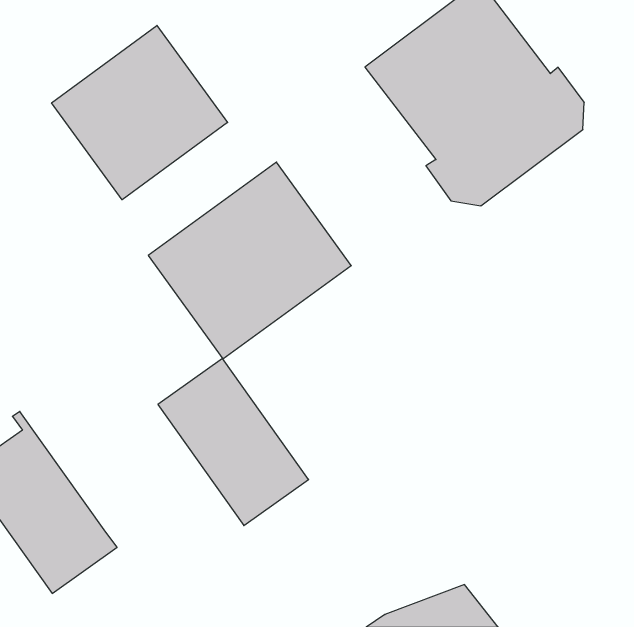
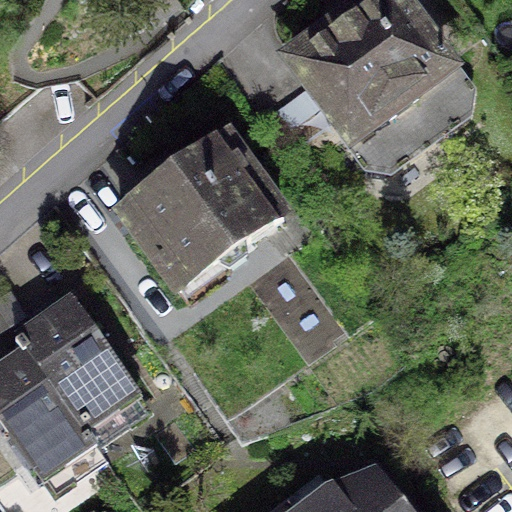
building: [52,25,228,200] -> none
building: [158,359,309,526] -> [16,293,137,427]

